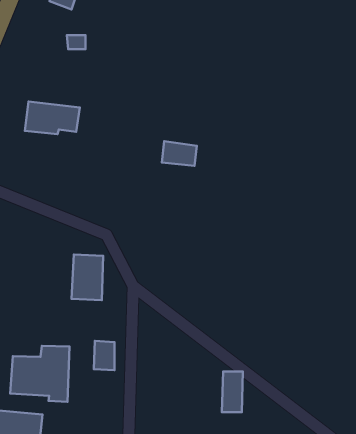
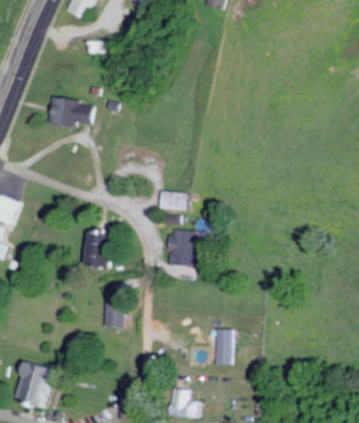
building: [162,141,197,166] -> [163,191,193,212]
building: none -> [167,231,192,267]
building: [10,346,70,402] -> none

